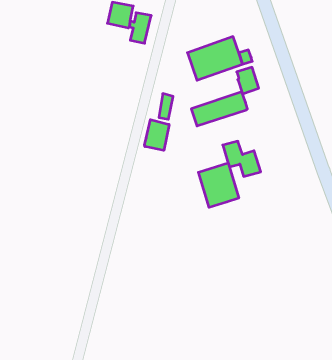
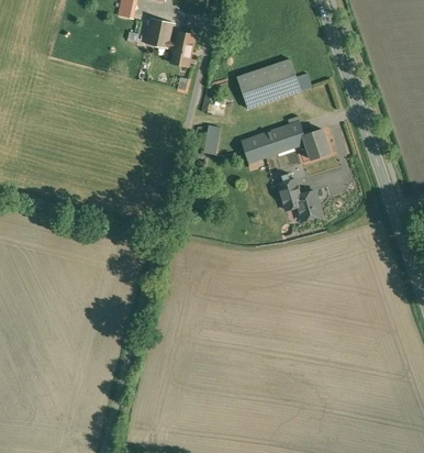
building: [237,67,259,94] -> [304,129,330,159]
building: [145,120,169,150] -> none
building: [198,163,239,207] -> none

